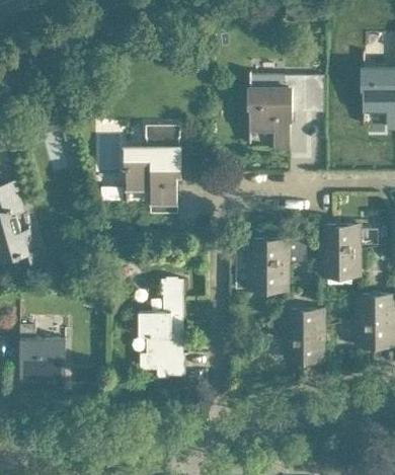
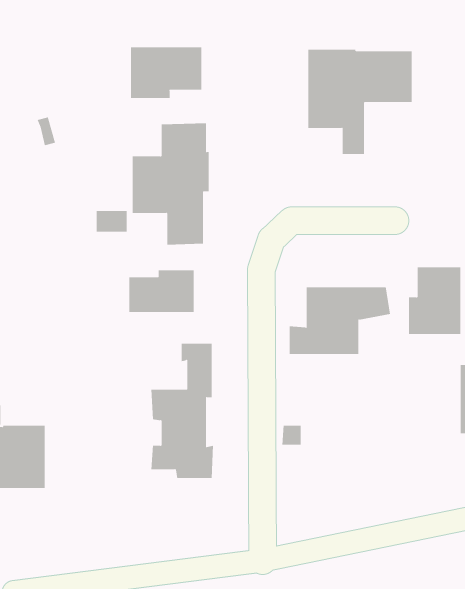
building: none -> [131,46,202,99]
building: none -> [129,270,194,313]
building: [286,312,323,360] -> none

